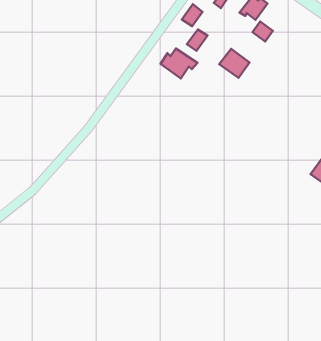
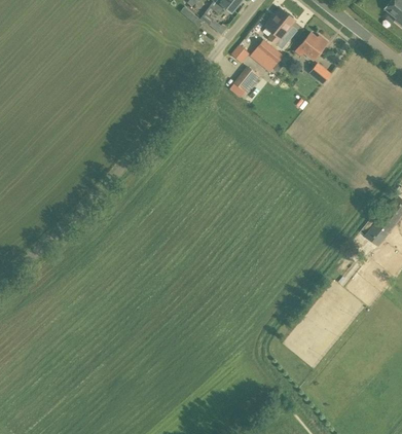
building: [160,49,197,78] -> none
building: [219,49,249,78] -> [249,39,283,72]

